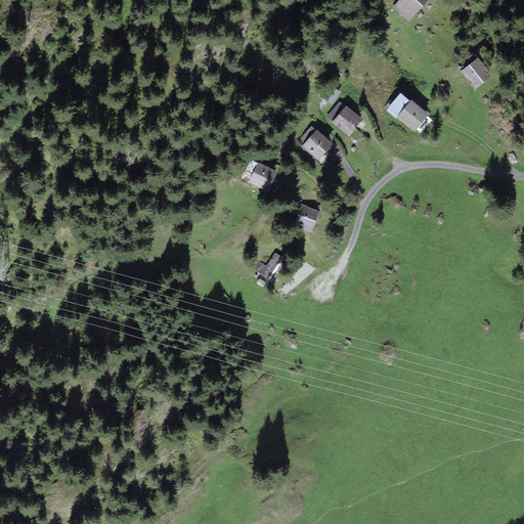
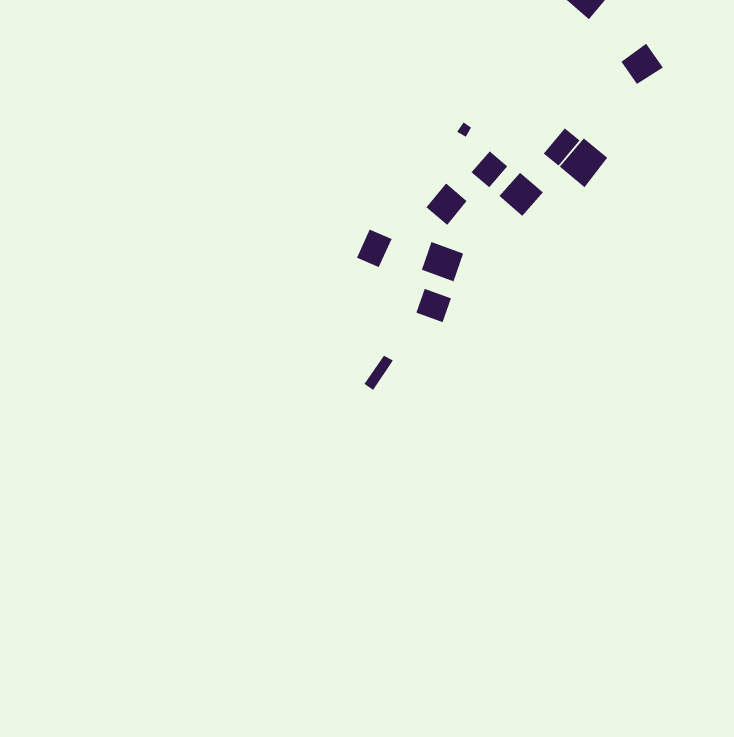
building: [461,57,491,87] -> [620,43,664,85]
building: none -> [498,172,544,217]
building: none -> [421,241,464,282]

